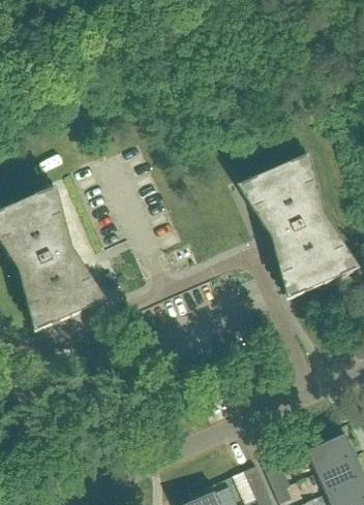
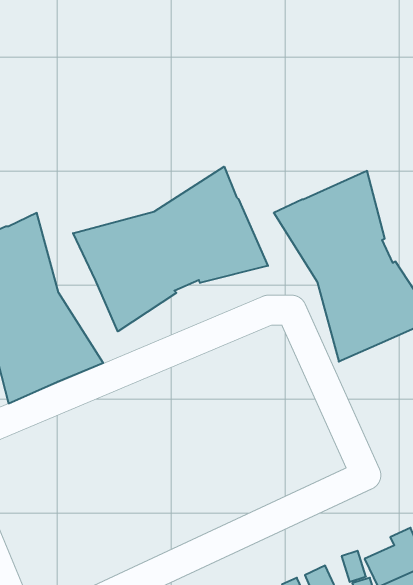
building: none -> [73,167,268,331]

